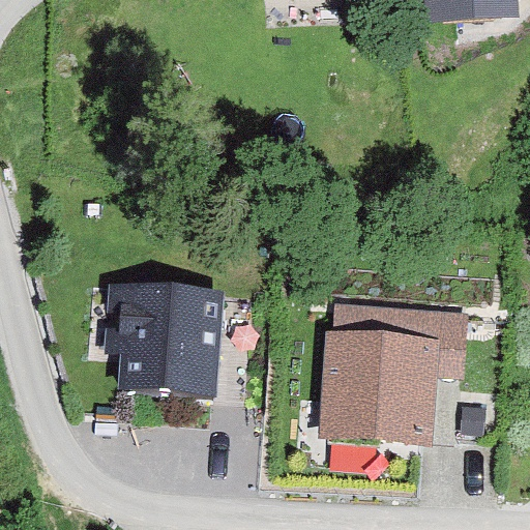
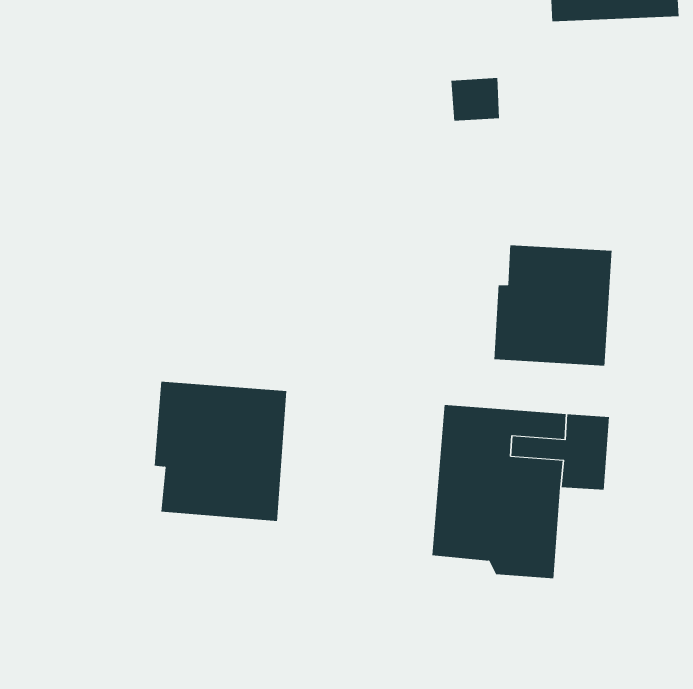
building: none -> [494,244,612,367]

